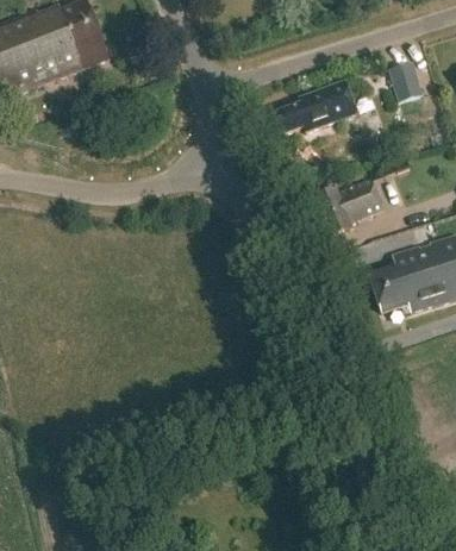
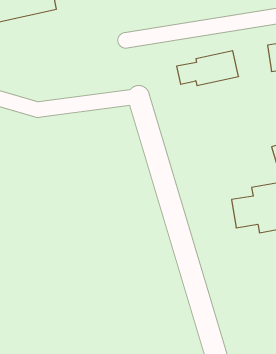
building: [316,179,383,238] -> none

